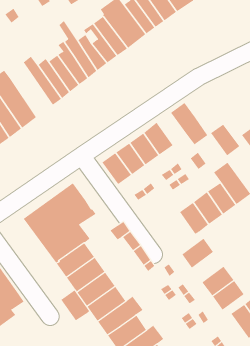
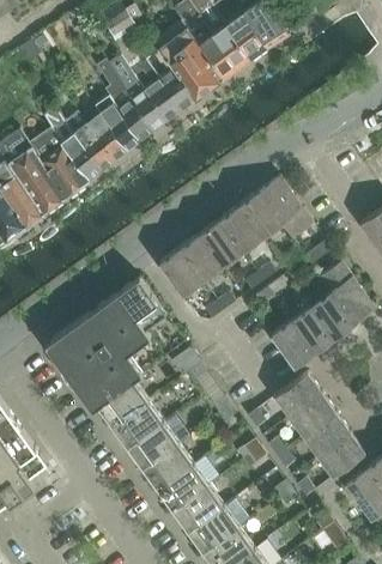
building: none -> [29,128,89,199]
building: [210,124,240,156] -> [239,193,283,239]
building: none -> [119,278,166,332]
building: none -> [290,394,336,438]
building: [60,290,90,321] -> none

